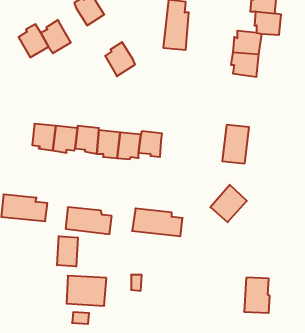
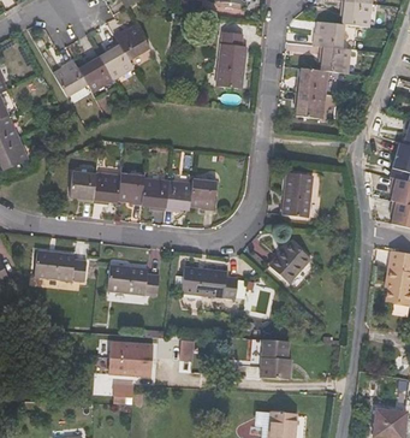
building: [105,42,135,76] -> [100,41,133,79]
building: [57,236,78,267] -> none
building: [244,278,270,313] -> [260,338,289,378]

